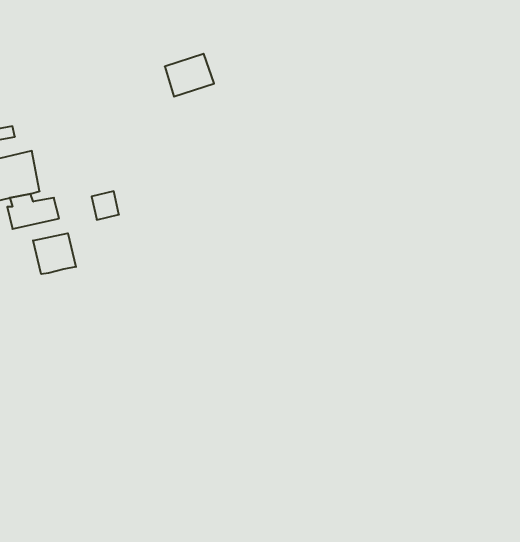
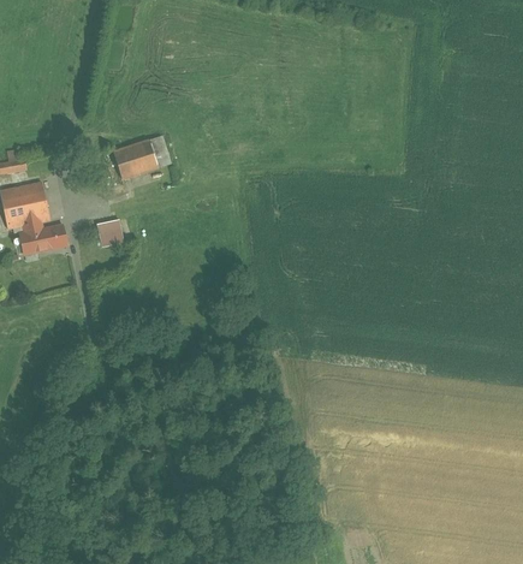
building: [165,54,214,97] -> [113,139,159,179]
building: [33,233,76,274] -> none

